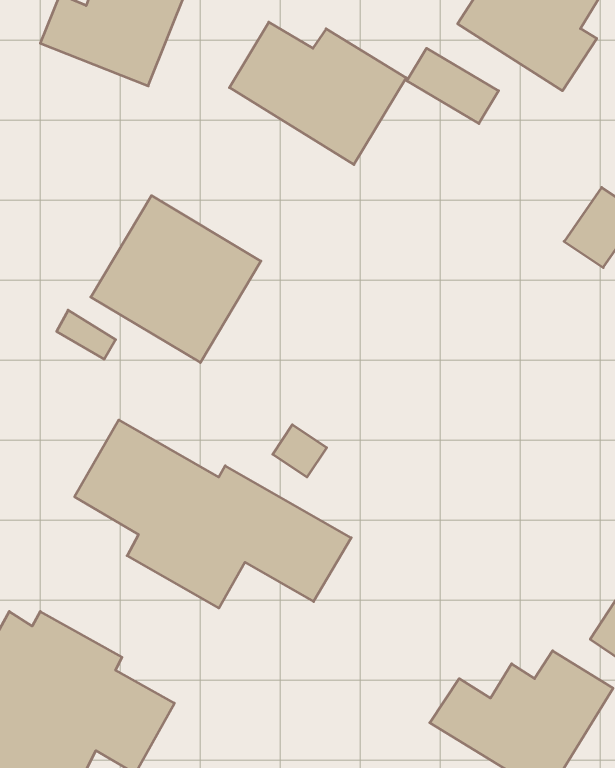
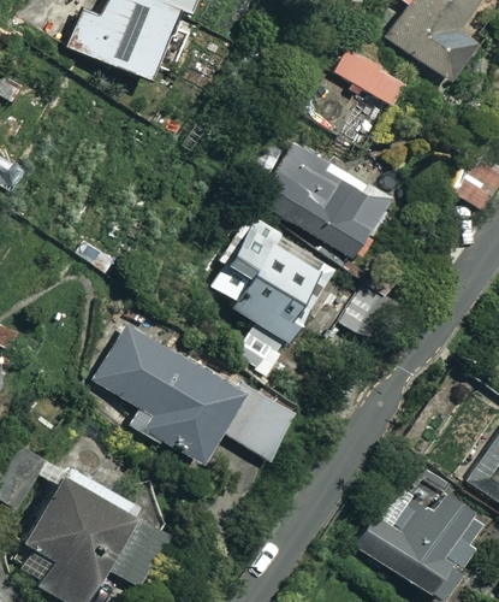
building: [229,22,406,165] -> [261,155,391,260]
building: [91,196,261,363] -> [208,219,333,342]

